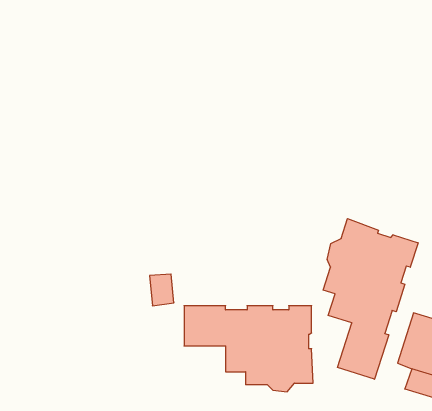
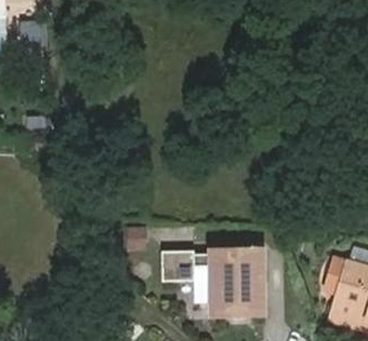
building: [323,219,418,379] -> none

